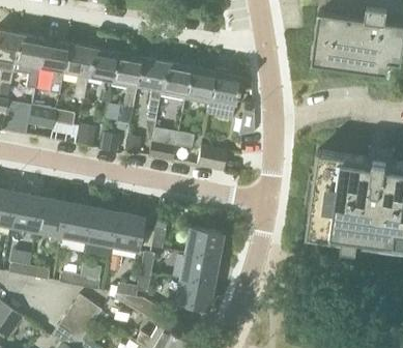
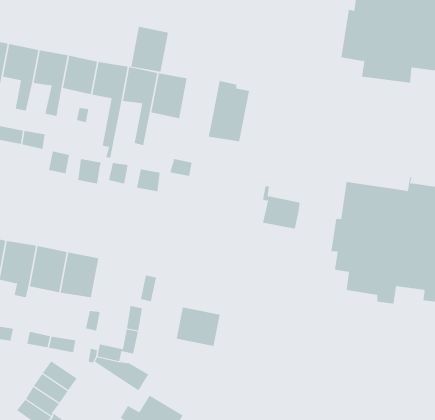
building: [184,66,215,104] -> [130,26,169,72]
building: [197,136,228,171] -> [262,186,301,229]
building: [113,212,144,250] -> none
building: [186,227,223,258] -> none
building: [176,278,212,310] -> none

